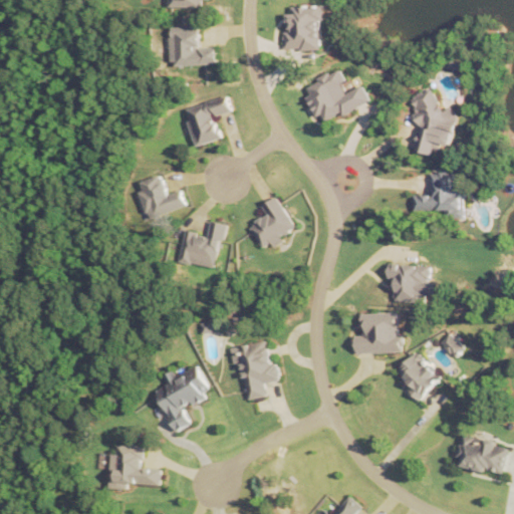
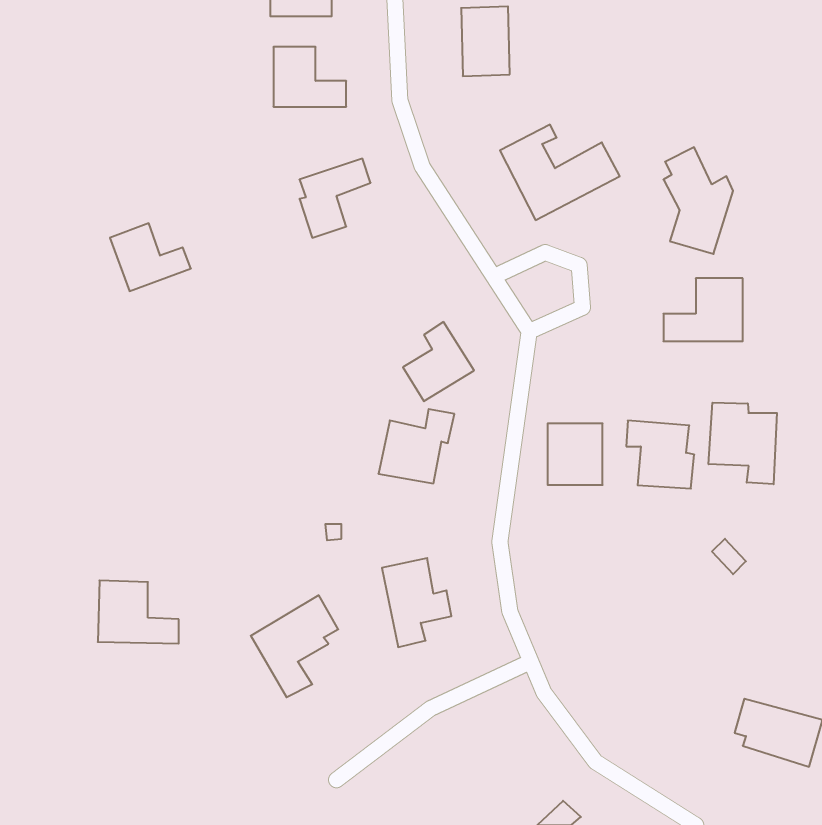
building: [135,176,185,218] -> [110,223,191,291]
building: [180,223,227,269] -> [378,409,454,483]
building: none -> [709,403,777,484]
building: [360,309,395,347] -> [548,423,603,485]
building: [398,353,440,400] -> none
building: [109,446,160,485] -> [98,580,179,644]

